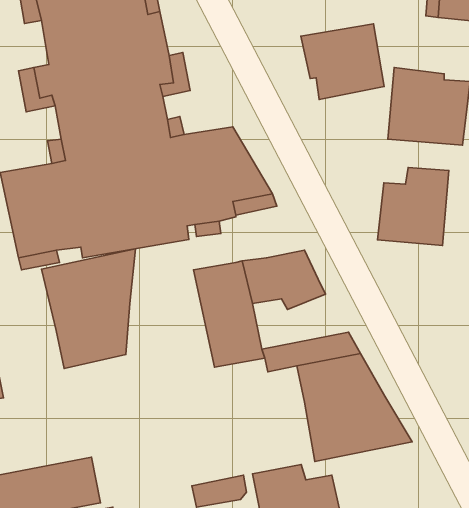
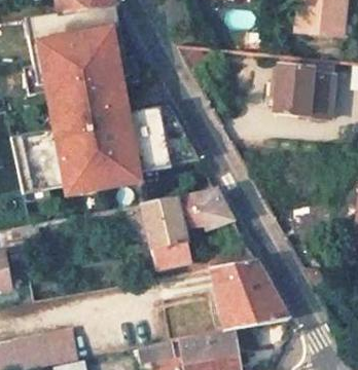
building: [301,24,384,100] -> none
building: [378,168,449,245] -> none
building: [41,249,136,369] -> none

